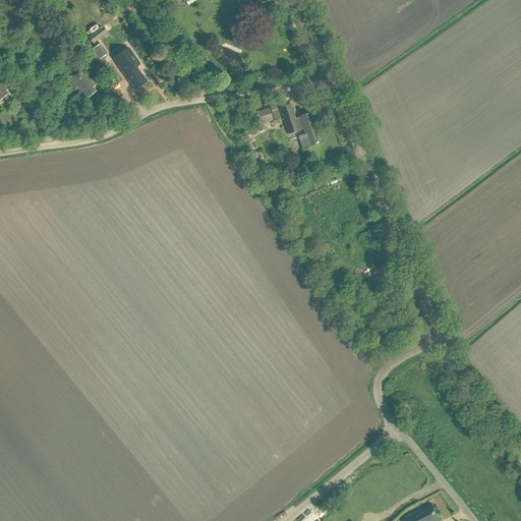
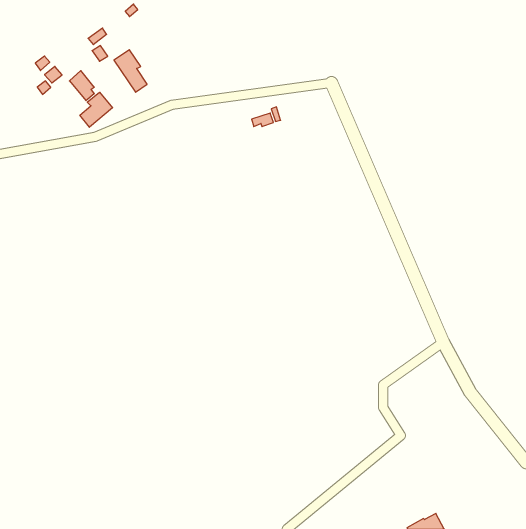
building: none -> [80,92,113,127]
building: [276,104,317,147] -> none

